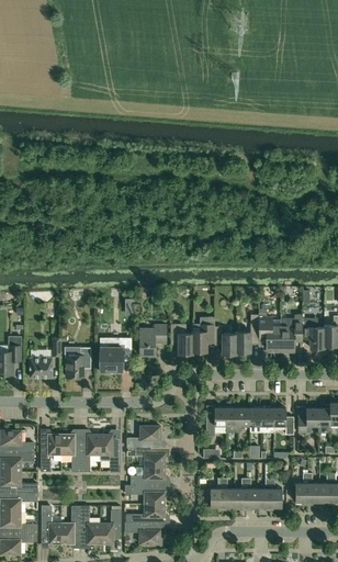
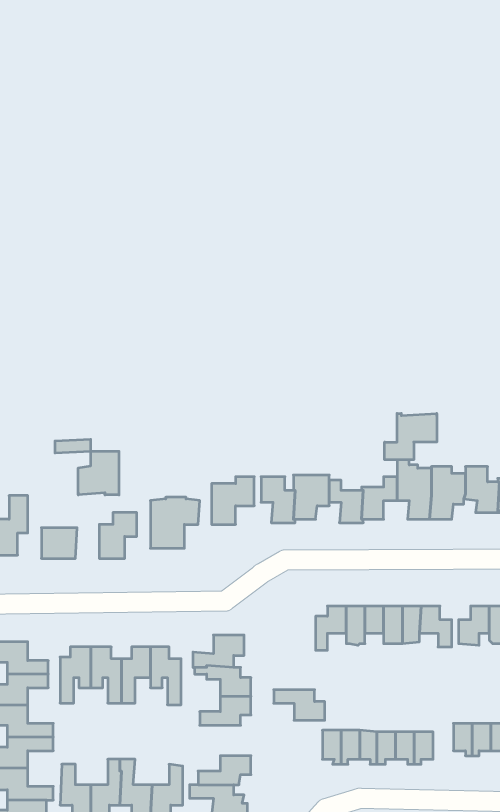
building: none -> [385,413,437,460]
building: none -> [78,451,119,495]
building: [132,485,165,505] -> [274,690,325,720]

